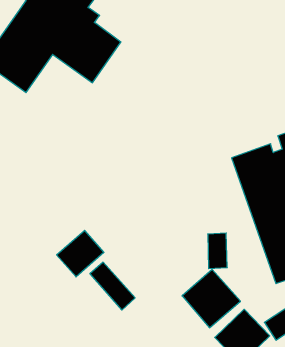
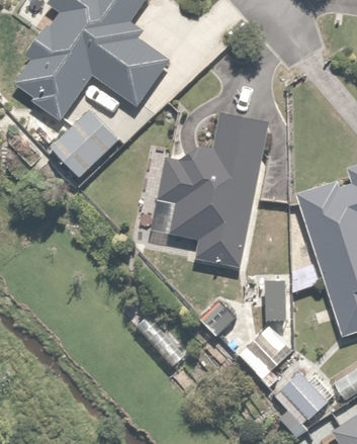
building: none -> [51,107,122,177]
building: none -> [155,114,267,264]
building: [57,230,104,277] -> none

